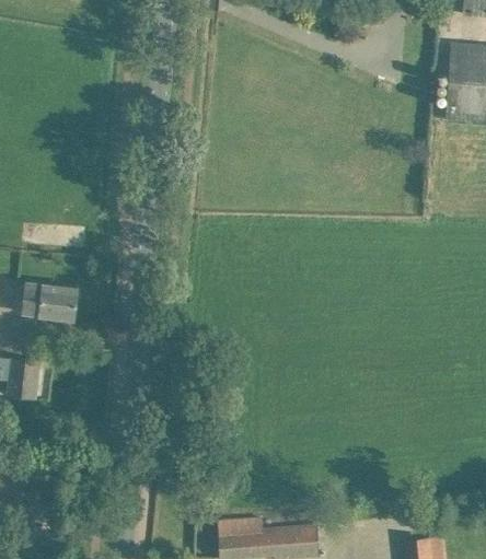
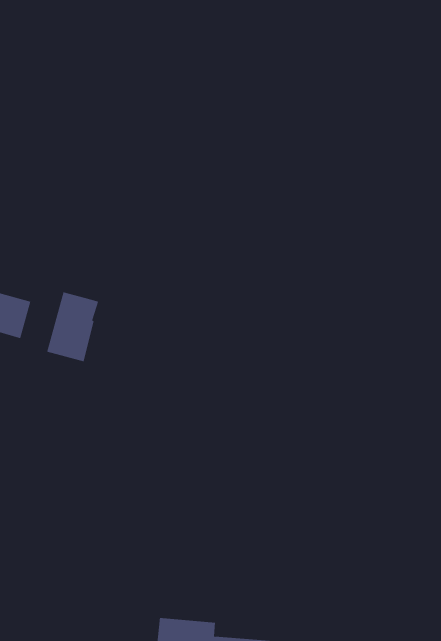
building: none -> [47,292,99,362]

